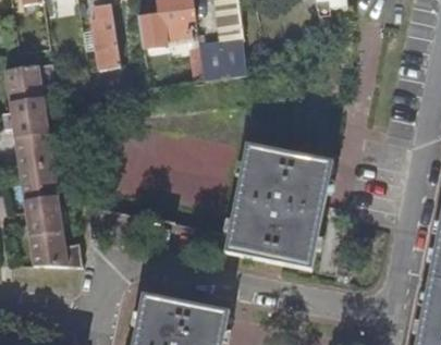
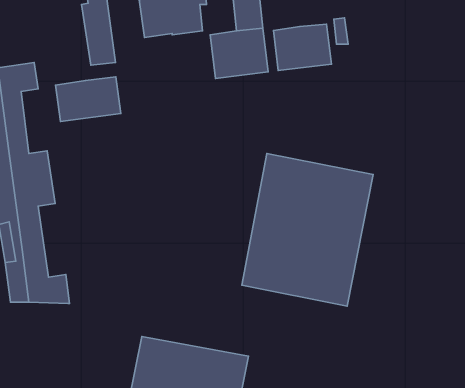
building: none -> [273,24,331,70]
building: none -> [56,77,121,122]

